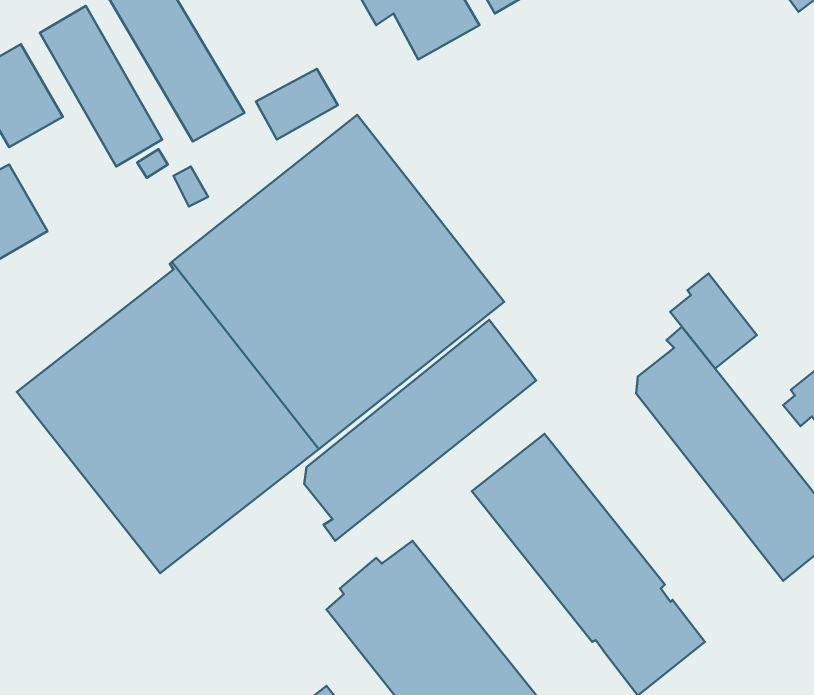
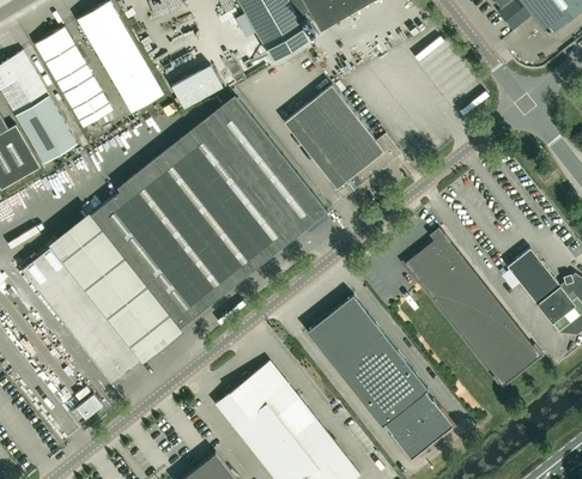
building: none -> [284,84,401,199]
building: none -> [17,96,78,163]
building: [670,274,757,369] -> none
building: [304,320,536,541] -> none

